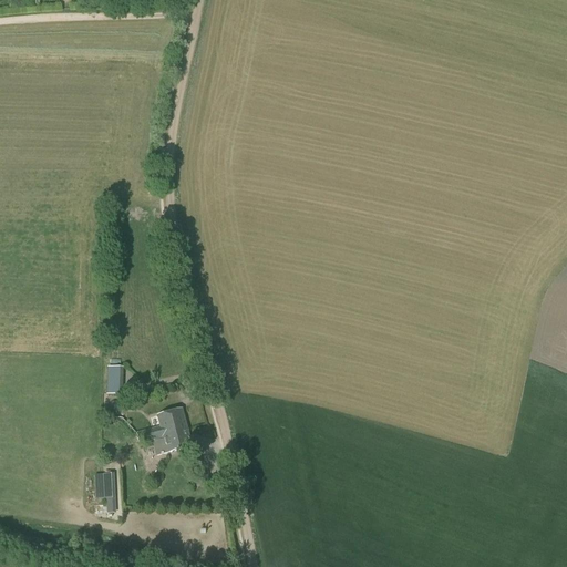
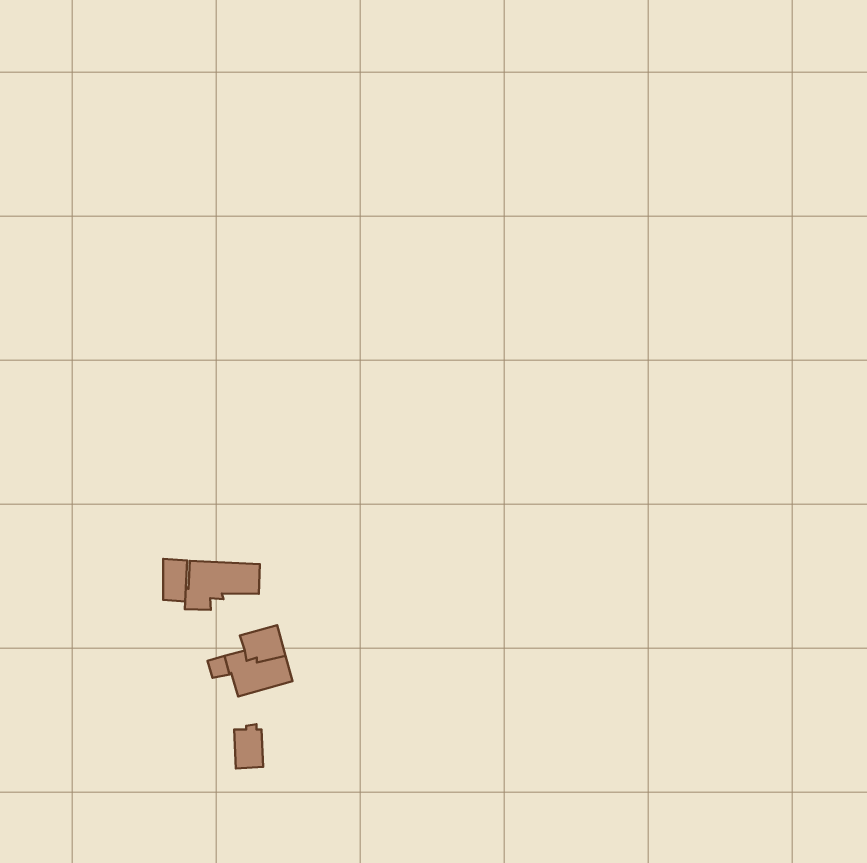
building: none -> [185,561,260,610]
building: [95,468,114,497] -> [234,724,263,768]

